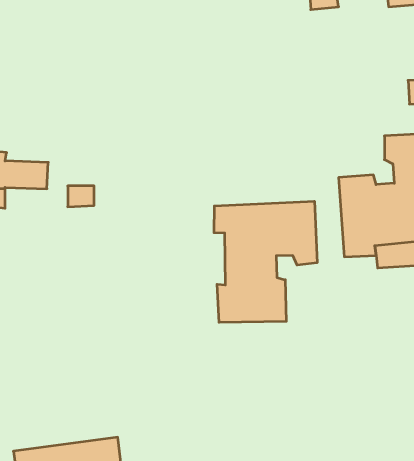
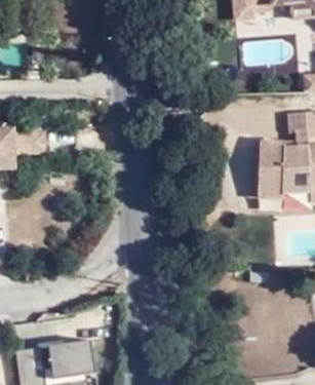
building: [214,201,317,322] -> none

